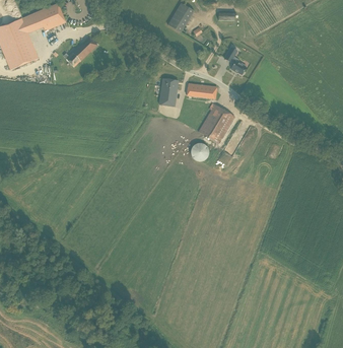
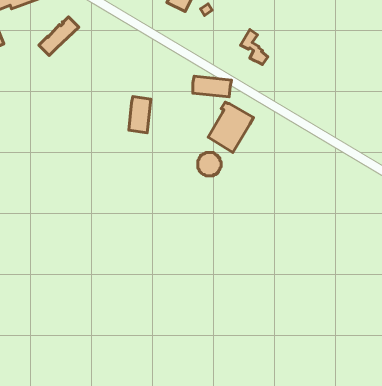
building: [160,78,178,107] -> [129,96,151,133]

